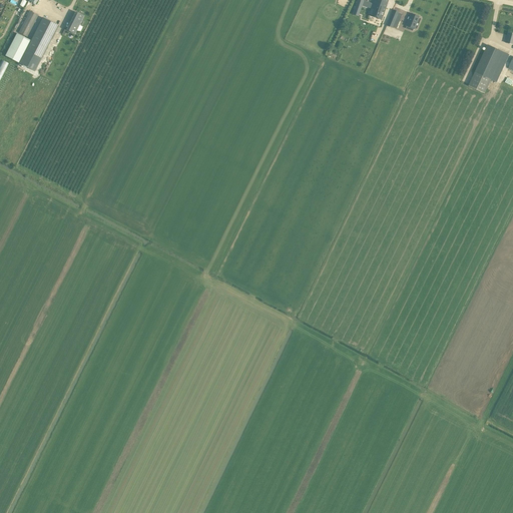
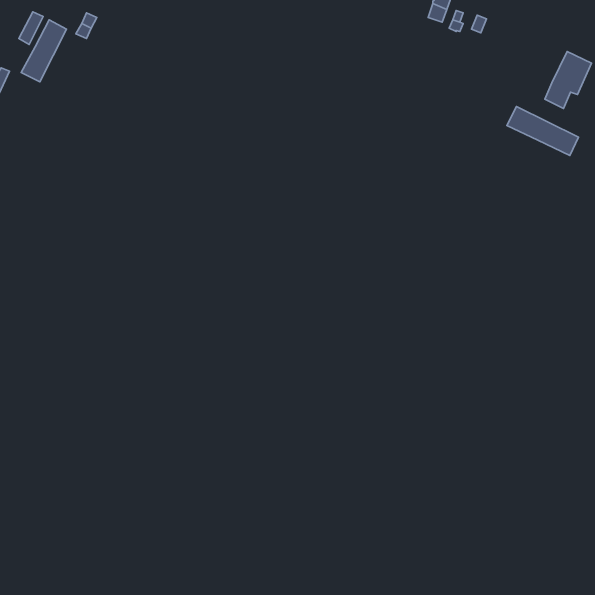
building: [4,33,30,62] -> none
building: none -> [507,106,579,156]

